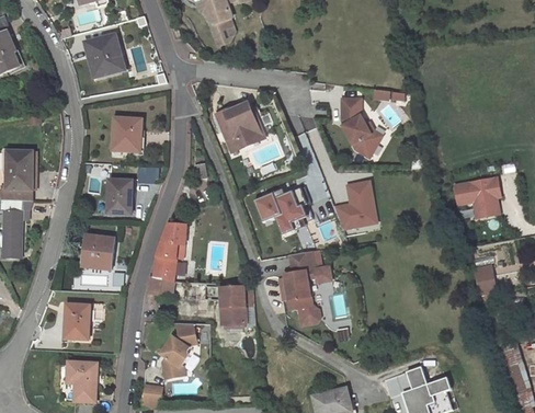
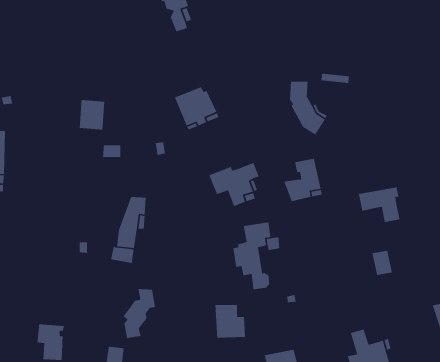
building: [84,33,123,77] -> none
building: [453,177,499,217] -> [358,186,400,223]
building: [106,179,132,213] -> none
building: [82,234,114,268] -> none
building: [473,266,496,295] -> [372,250,393,276]
building: [219,286,253,323] -> [215,304,246,338]
building: [61,303,89,337] -> none

